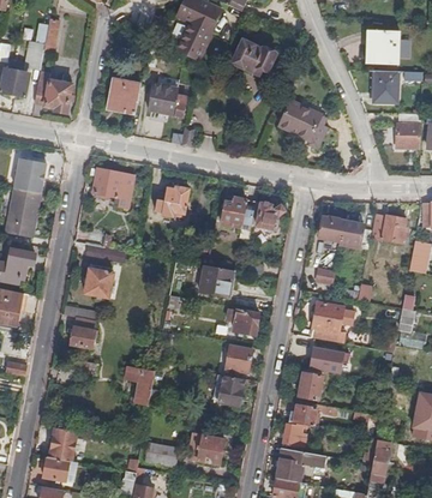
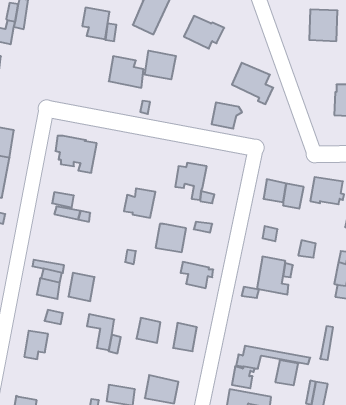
building: [368,70,398,102] -> none
building: [34,72,73,113] -> none
building: none -> [145,51,176,79]
building: [110,77,140,112] -> [82,8,110,39]
building: [154,186,188,218] -> [124,188,155,218]
building: [251,203,284,232] -> [212,102,242,129]
building: [84,266,113,298] -> [68,273,95,301]
building: [226,346,252,373] -> [136,318,160,343]
building: [312,347,348,372] -> none
building: [298,373,323,401] -> [275,360,298,385]
building: [48,428,74,460] -> [24,331,48,359]

